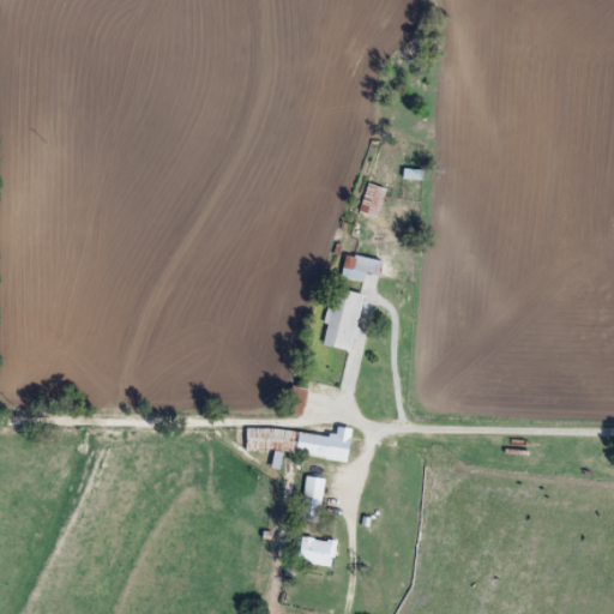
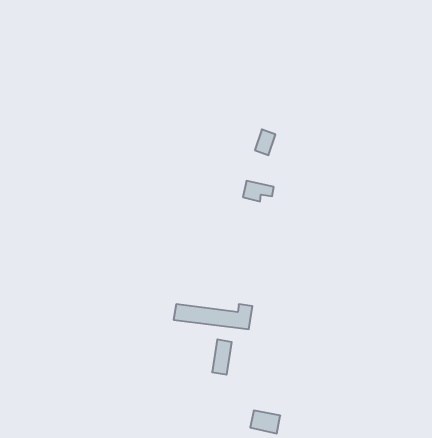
building: [323,288,365,350] -> none
building: [295,535,337,567] -> [250,411,280,434]

